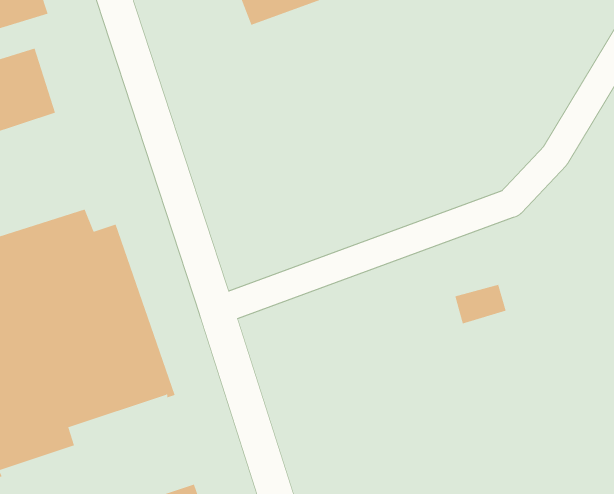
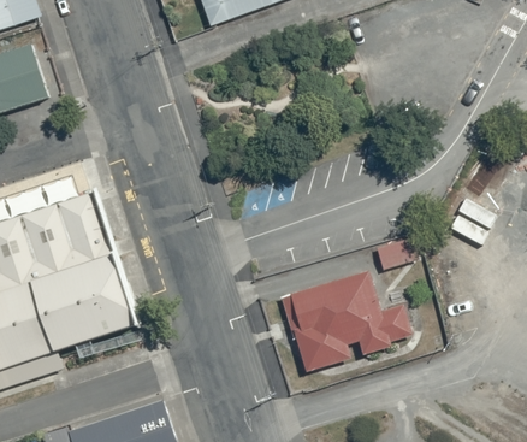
building: none -> [279,270,410,371]

